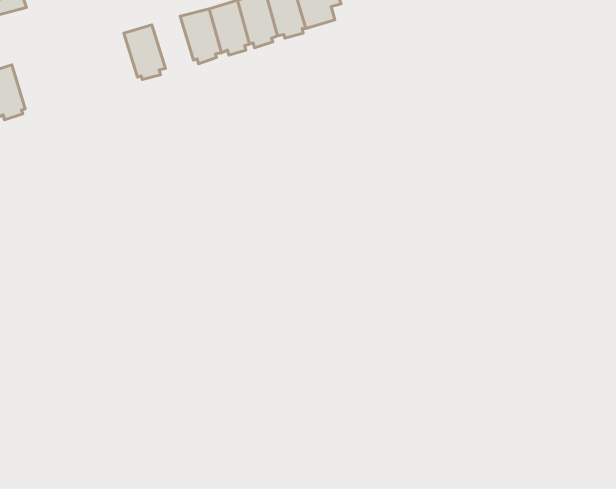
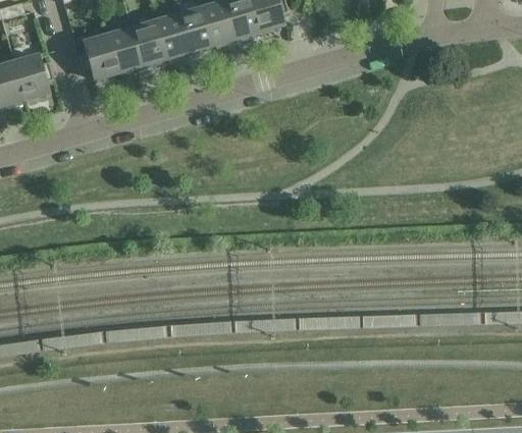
building: none -> [130,19,165,65]
building: none -> [77,34,118,76]
building: none -> [13,53,53,97]

